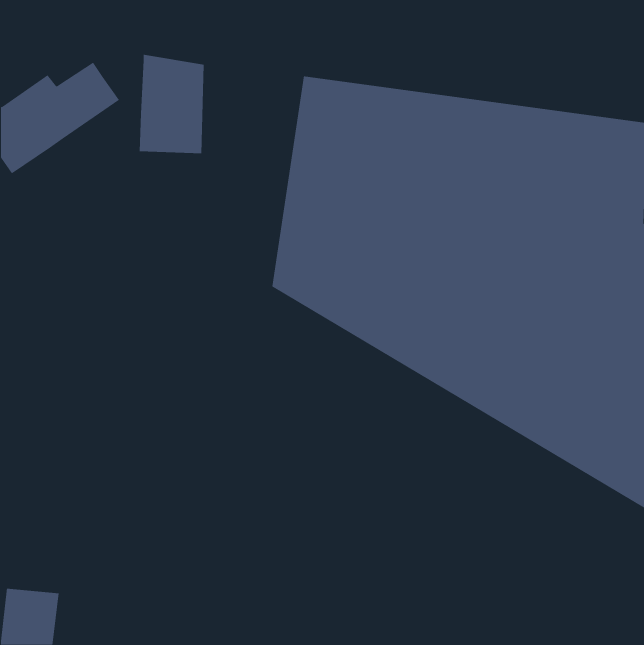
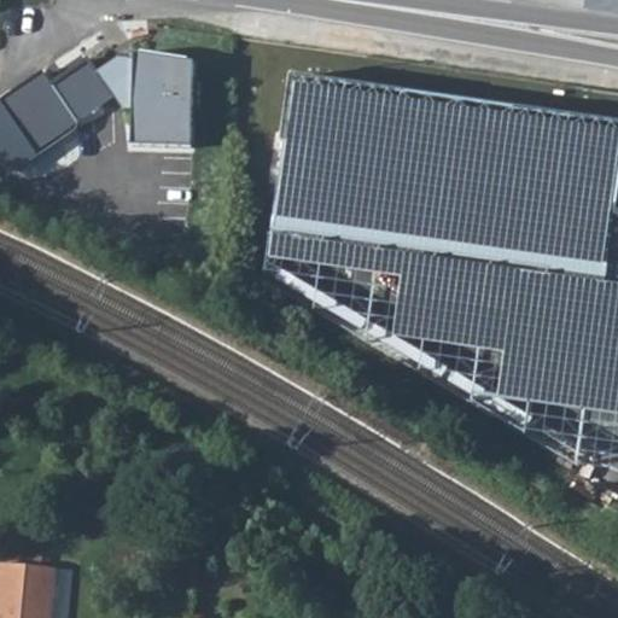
building: none -> [100,58,138,109]

